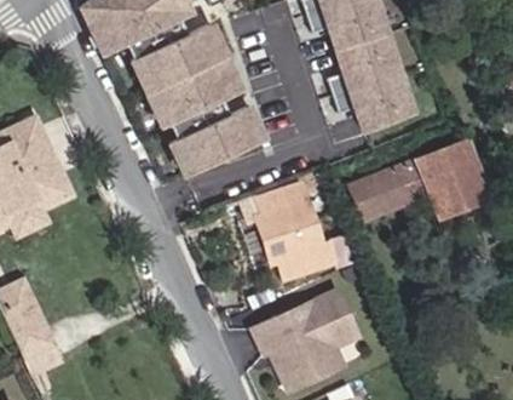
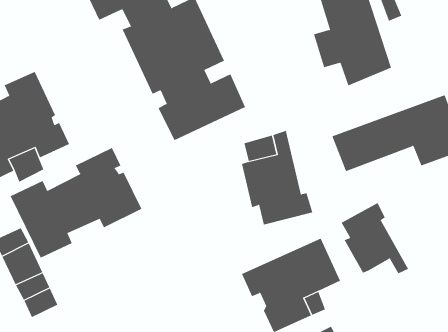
building: none -> [10,147,142,258]
building: none -> [341,202,409,274]

